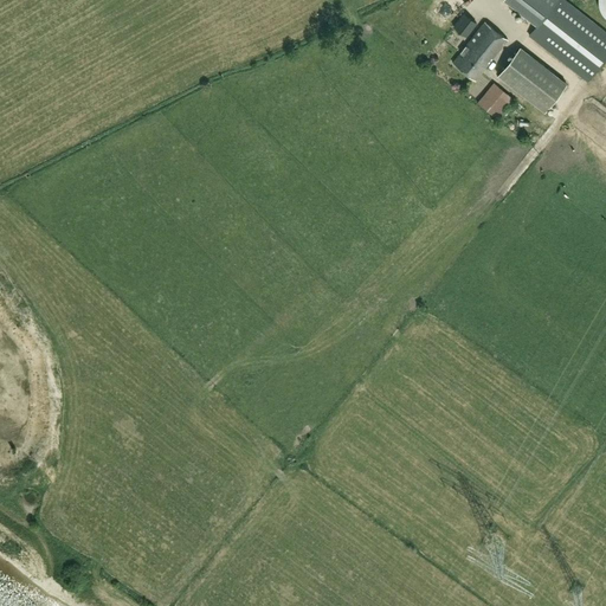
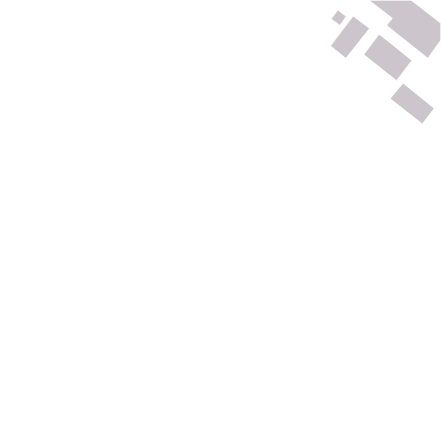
building: [477,82,512,117] -> none
building: none -> [389,82,435,124]

